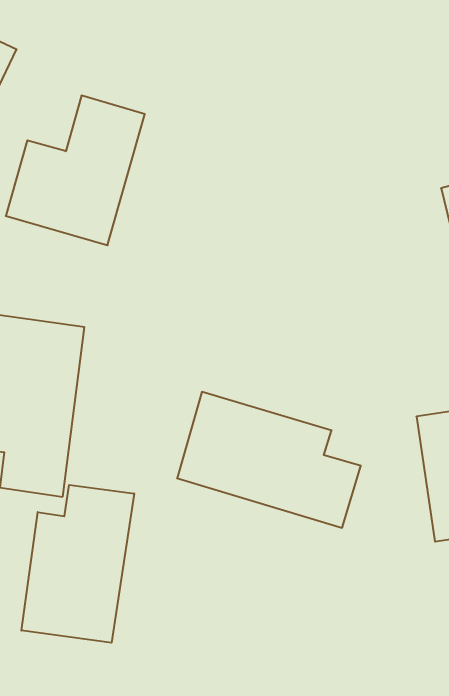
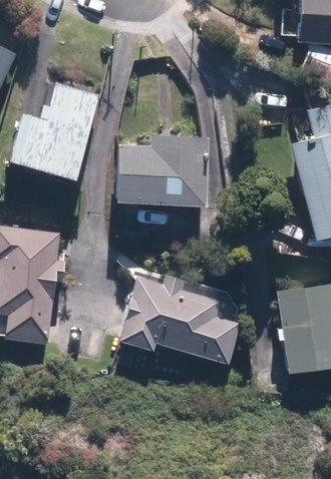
building: none -> [115,135,208,206]
building: [21,485,134,643] -> none

